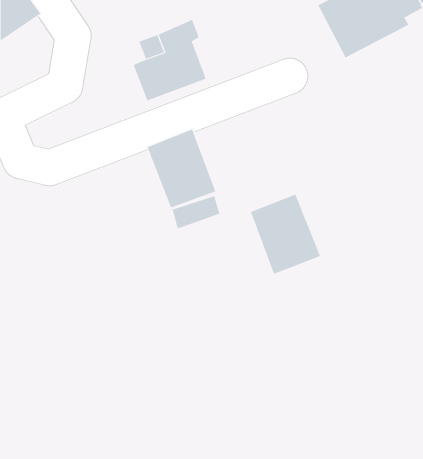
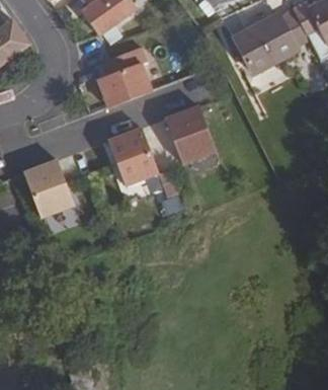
building: none -> [23,159,74,217]
building: [250,194,321,274] -> [165,104,217,163]

